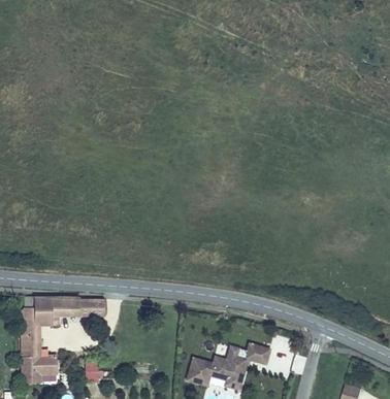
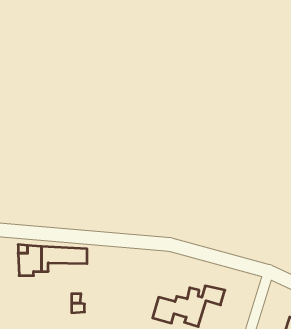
building: [24,331,59,390] -> none

